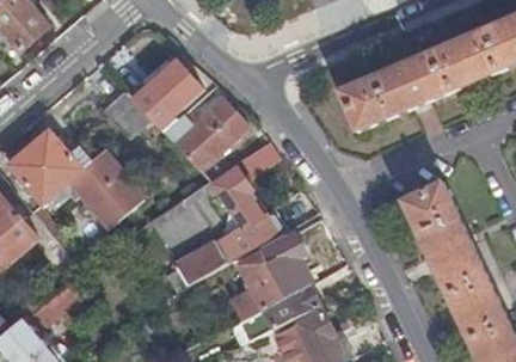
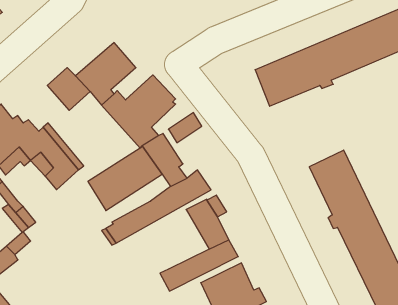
building: [228,250,287,318] -> none

